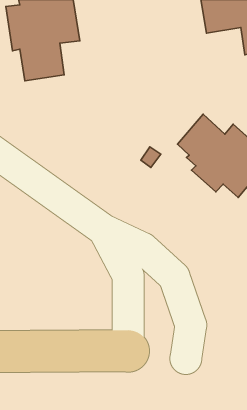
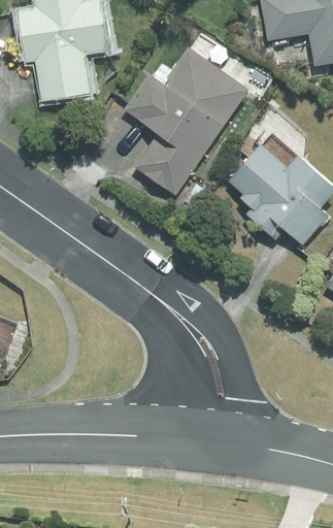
building: none -> [123,48,248,196]

